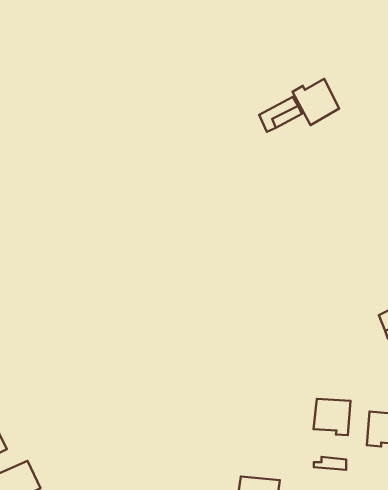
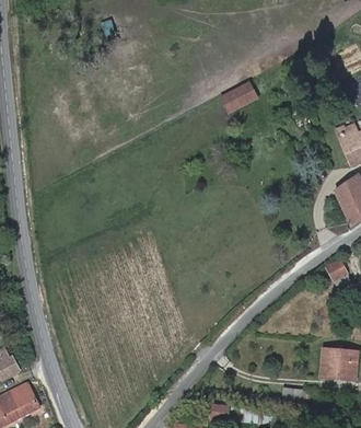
building: [293,79,339,125] -> none
building: [314,399,351,435] -> none

